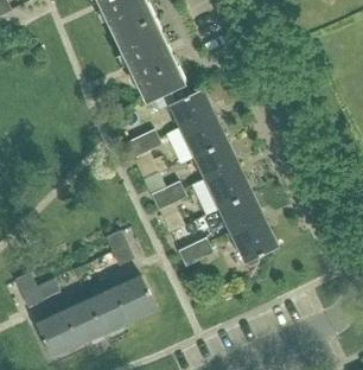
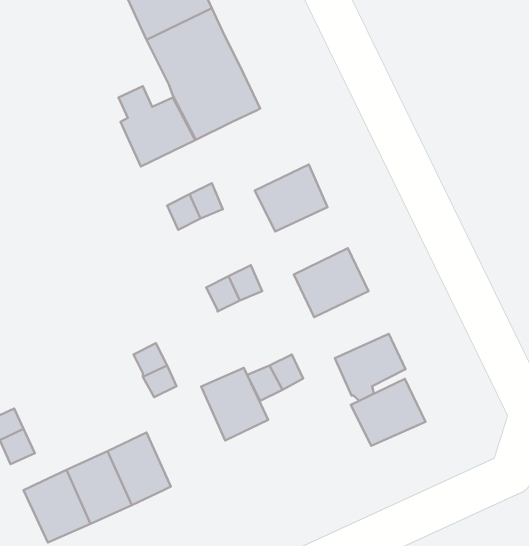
building: [167,82,216,133] -> [119,86,195,166]
building: [195,143,241,186] -> none
building: [219,197,267,240] -> [351,379,425,446]
building: [113,275,155,321] -> [201,368,268,440]

